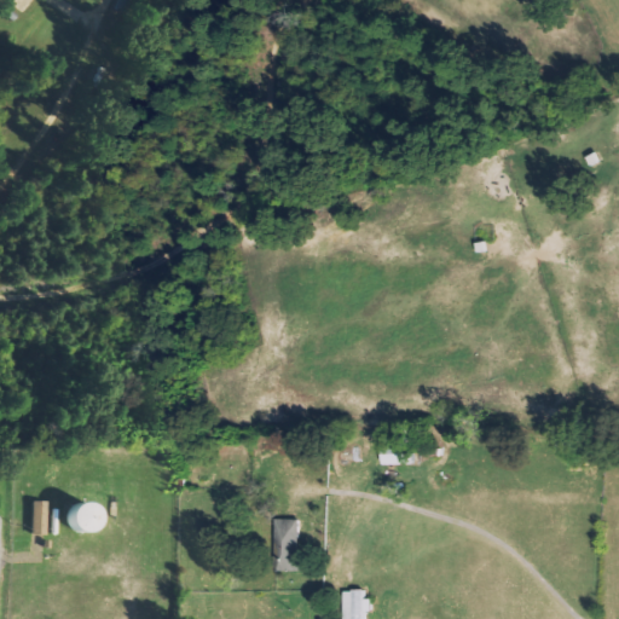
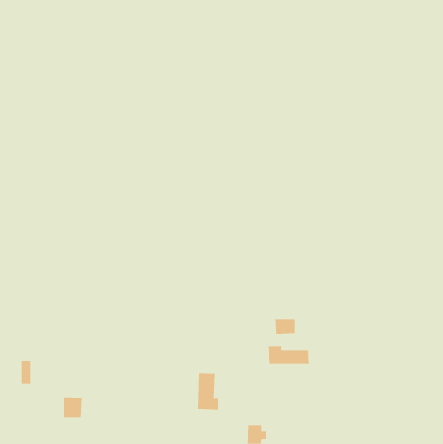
building: none -> [268,346,309,365]
building: [65,503,92,532] -> [63,397,82,418]

